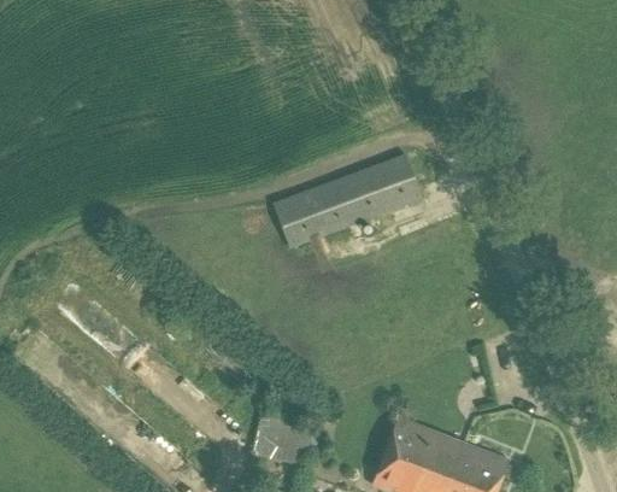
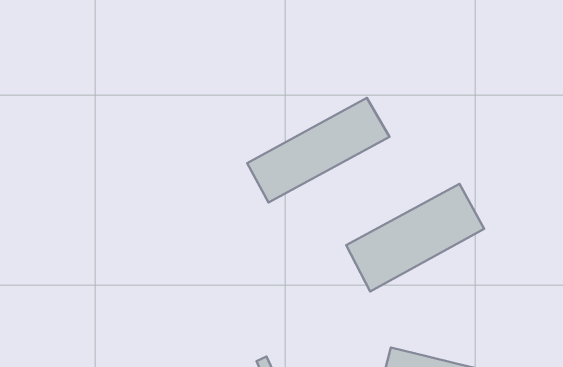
building: none -> [346,184,484,291]

